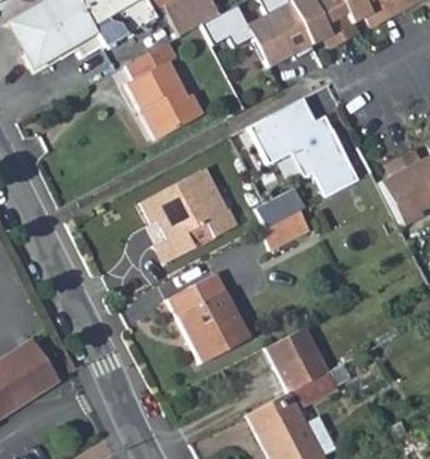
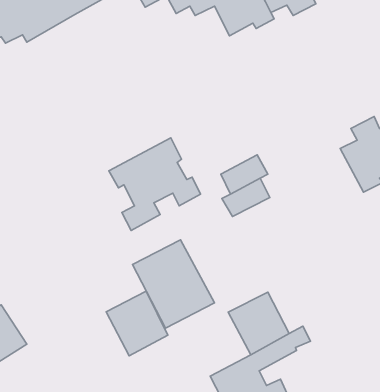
building: [127,41,206,139] -> none
building: [250,100,358,196] -> none
building: none -> [106,291,168,356]

